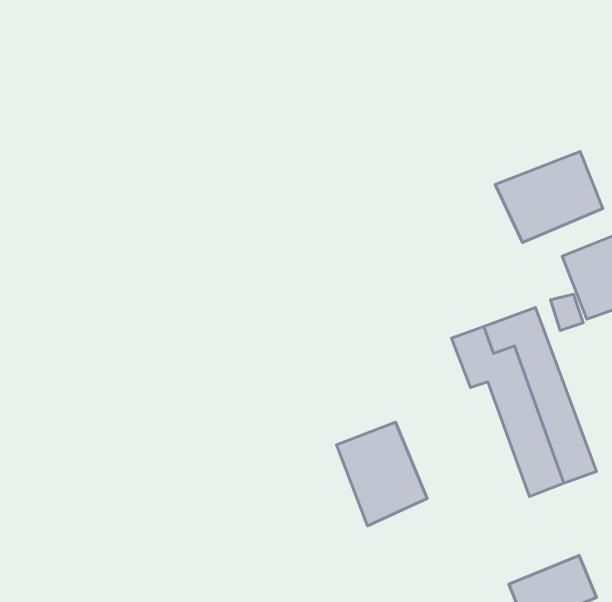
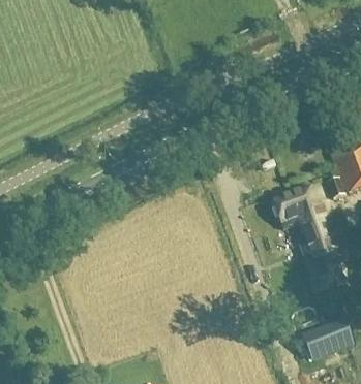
building: [495,151,603,243] -> none
building: [337,422,427,526] -> none

